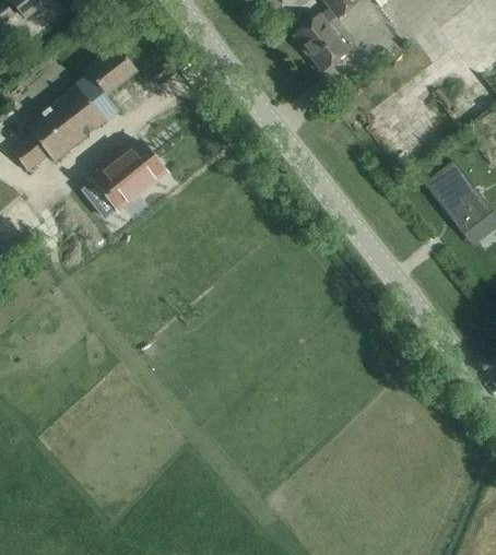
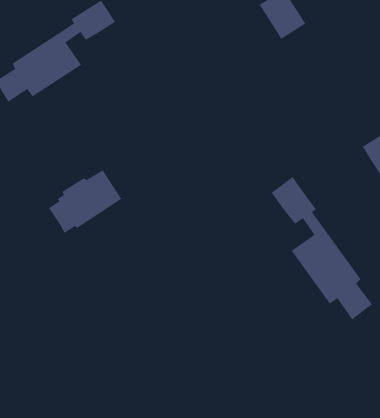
building: [85,141,166,216] -> [48,169,122,234]
building: none -> [271,176,373,320]

